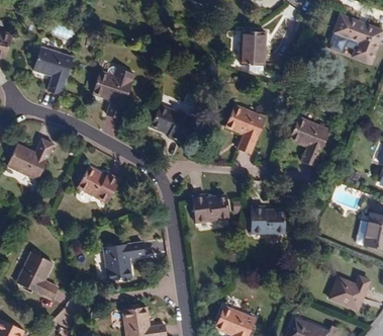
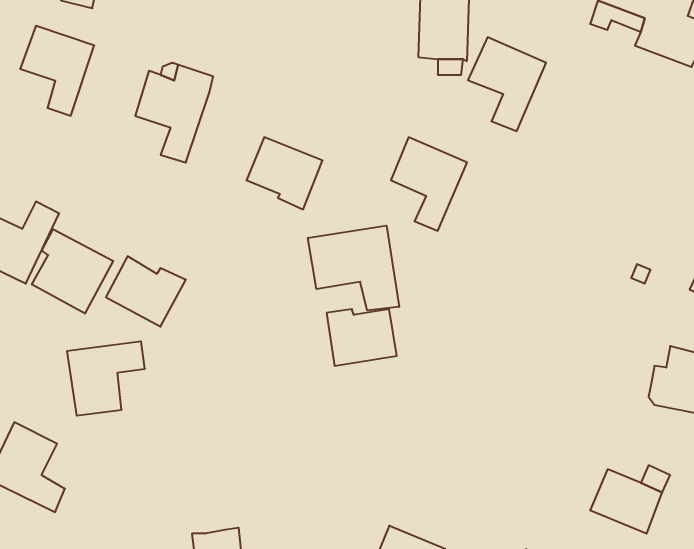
building: [289,116,329,165] -> [468,37,546,131]
building: none -> [308,226,399,310]
building: none -> [32,229,113,314]
building: [252,205,284,233] -> none
building: [103,241,143,279] -> [67,341,145,416]

